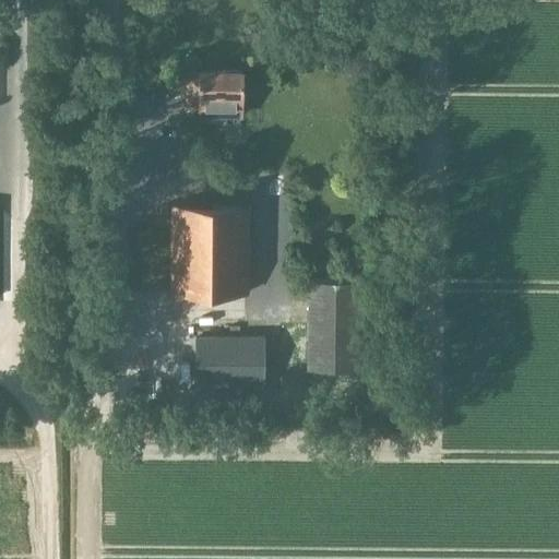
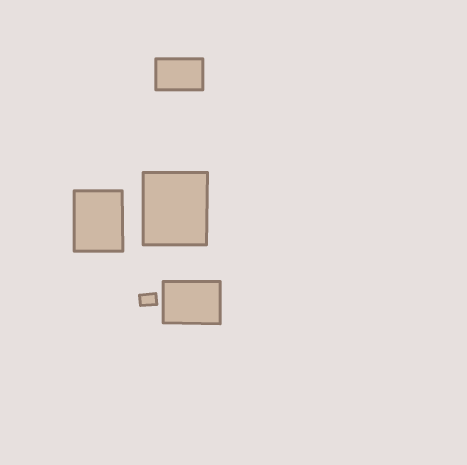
building: none -> [74,191,123,251]
building: [307,283,362,372] -> none

